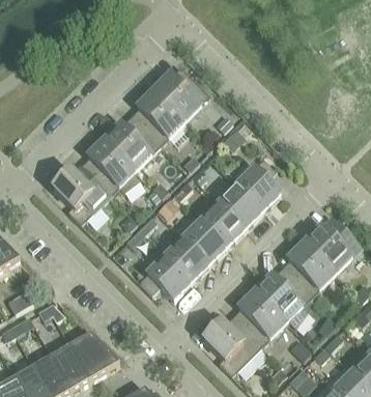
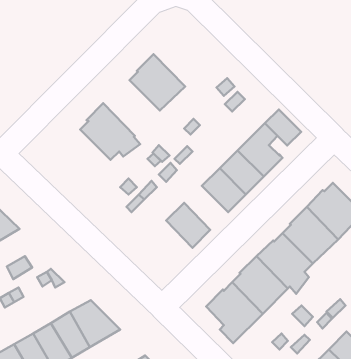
building: [152,65,209,121] -> none
building: [103,115,159,170] -> none
building: none -> [265,109,301,146]
building: [53,164,110,224] -> none
building: [182,220,226,263] -> none
building: [138,254,191,300] -> none

